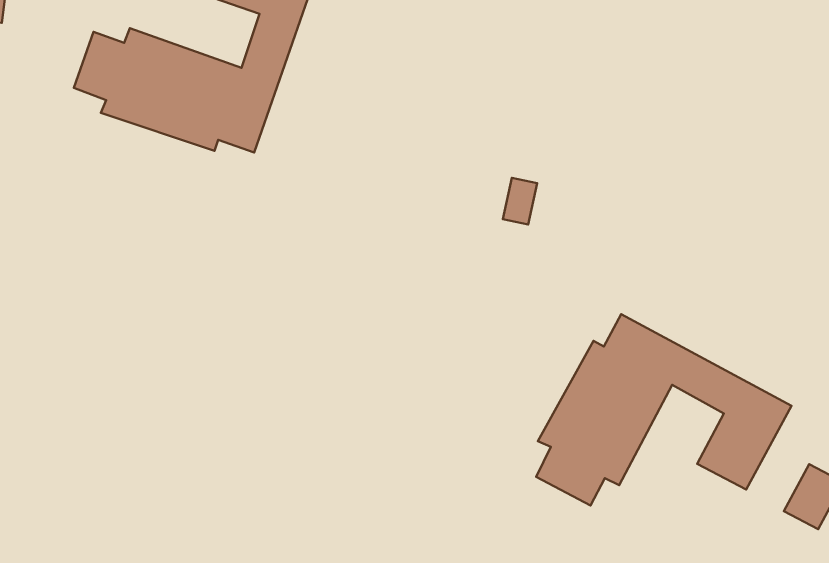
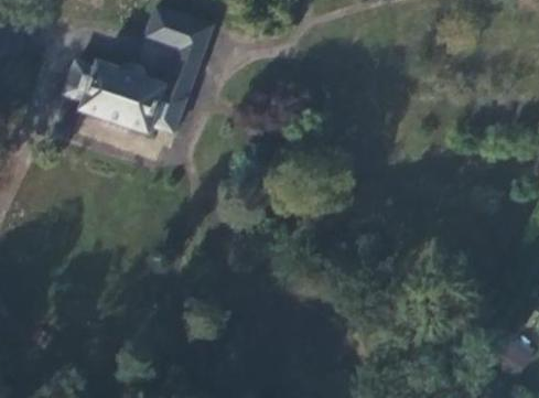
building: [536,314,791,506] -> none

